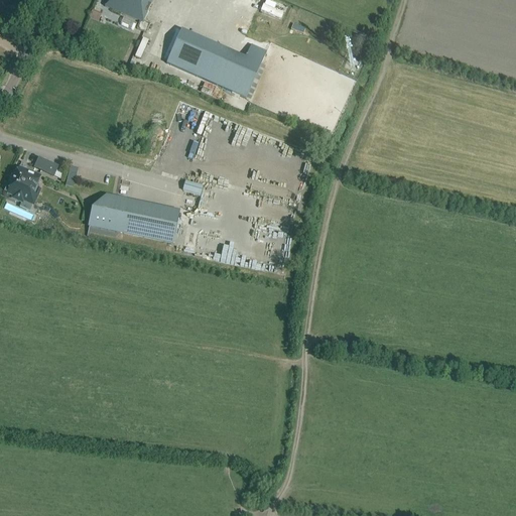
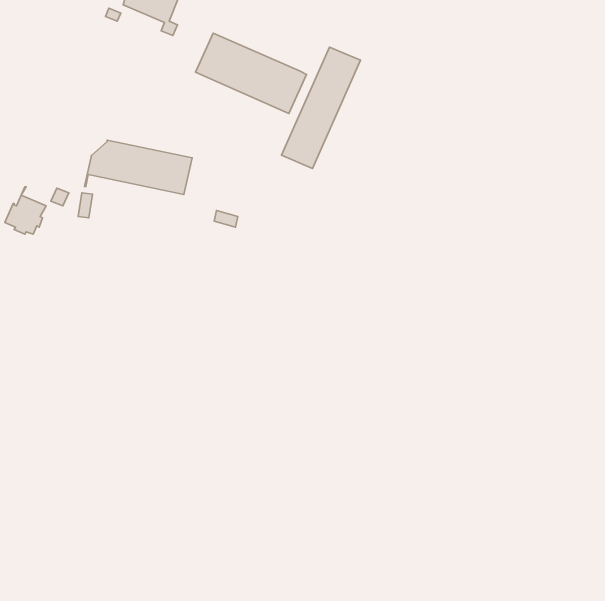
building: none -> [282,47,360,168]
building: [86,195,177,241] -> [85,140,192,195]

